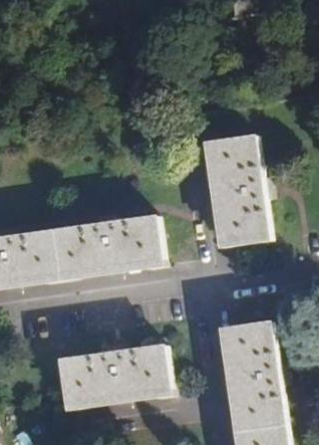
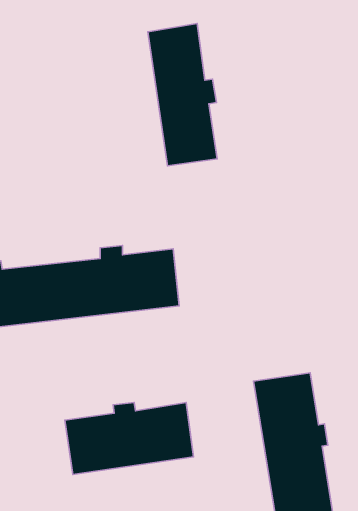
building: none -> [148,23,217,166]
building: [204,139,267,247] -> none

